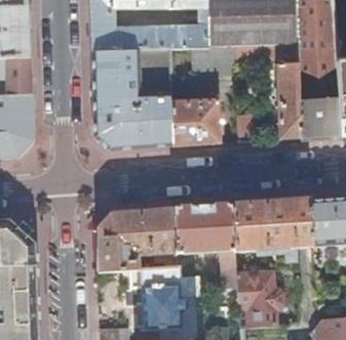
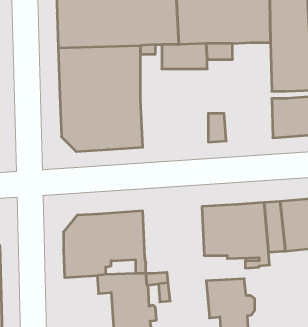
building: [278,45,301,138] -> none
building: [172,99,220,146] -> none
building: [175,204,237,287] -> none

